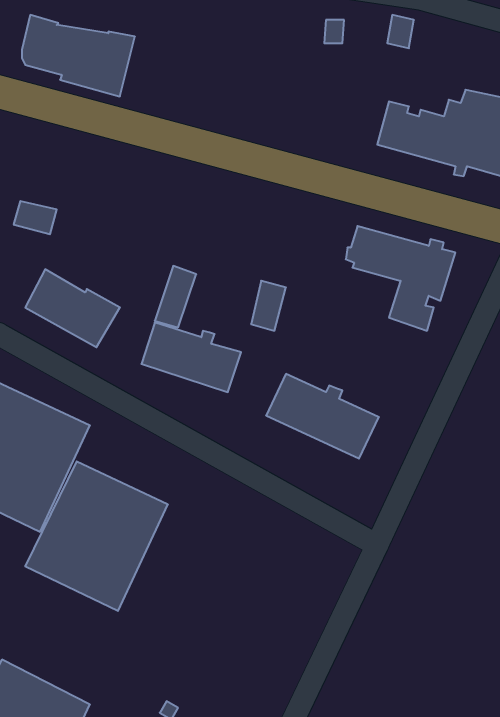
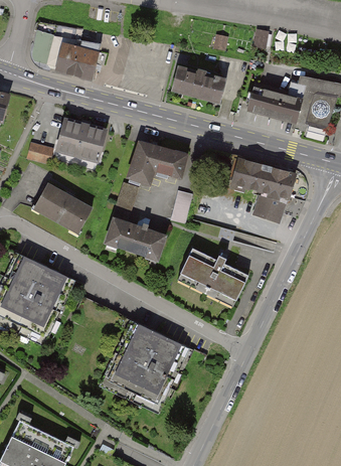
building: none -> [172,67,225,102]
building: none -> [57,119,106,160]
building: none -> [128,142,185,182]
building: [25,461,168,611] -> [101,321,187,412]

